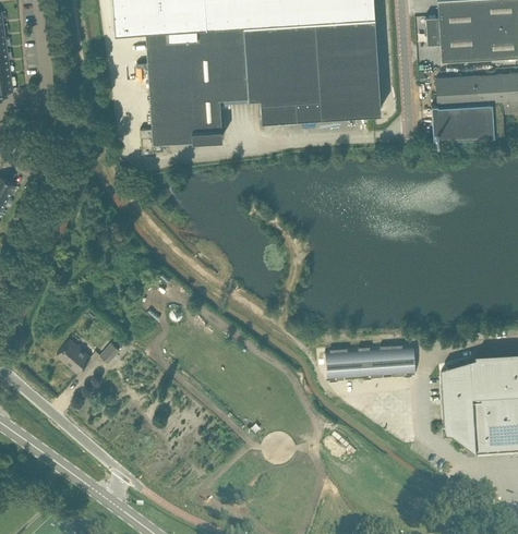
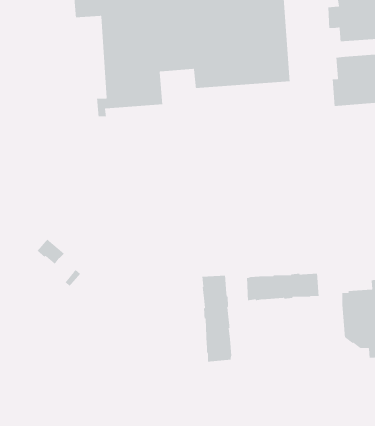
building: [56,339,91,373] -> [37,238,65,266]
building: none -> [201,275,232,363]

